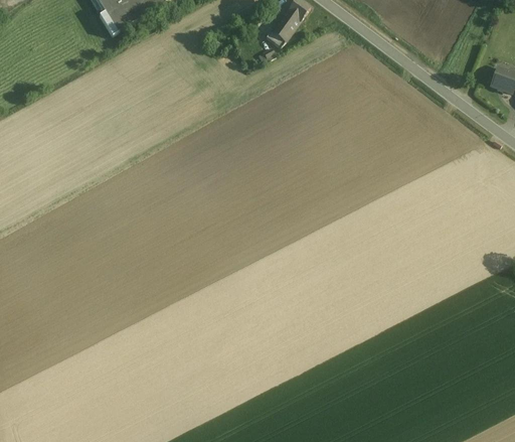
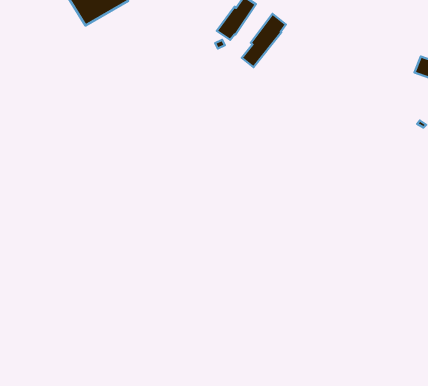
building: none -> [242,14,286,67]

